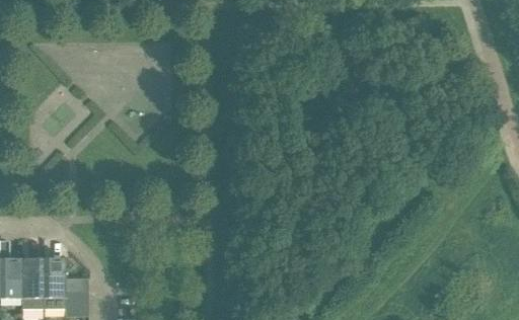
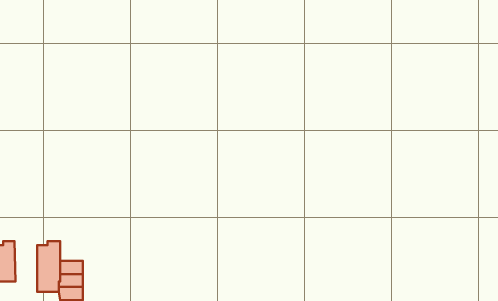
building: [21,258,44,308] -> none

